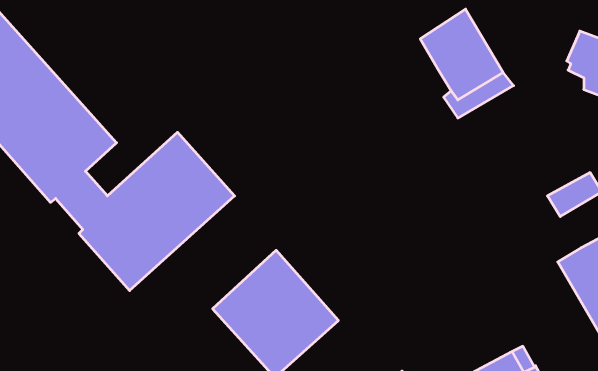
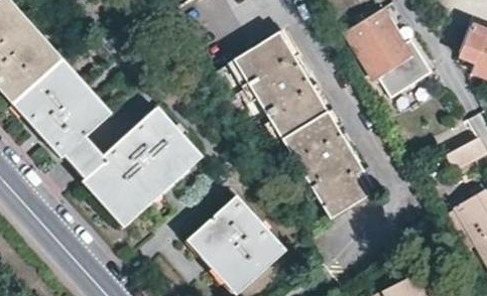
building: none -> [236,32,377,218]

